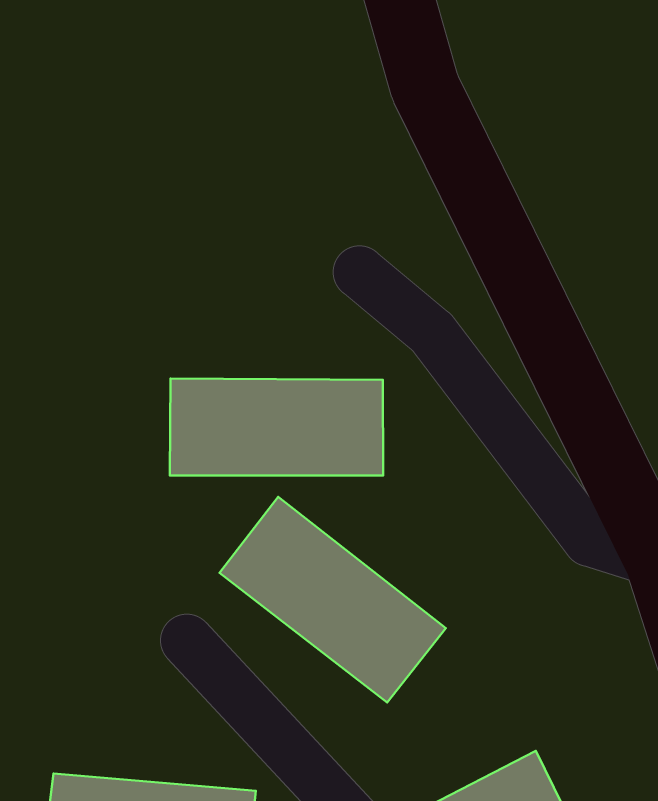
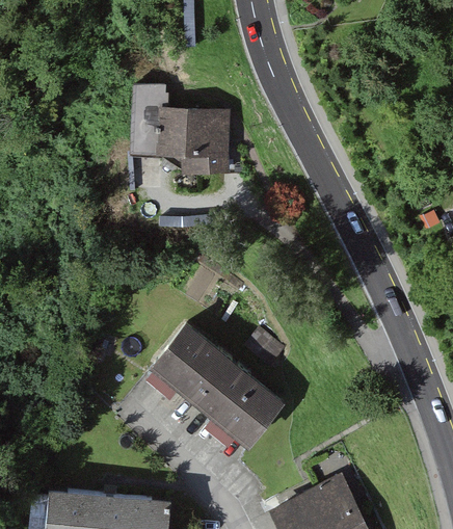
building: none -> [130,86,226,176]
building: [170,379,383,475] -> none

